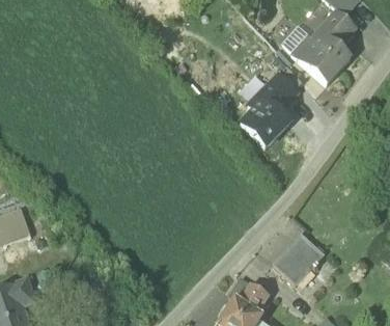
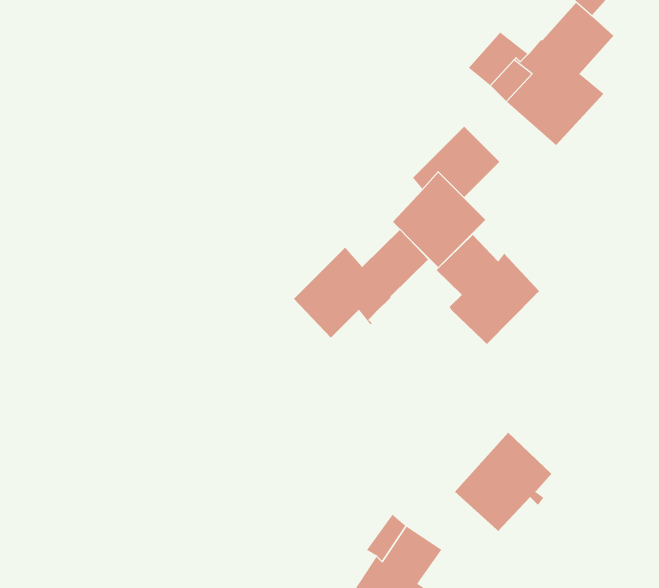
building: none -> [293,229,429,339]
building: none -> [436,234,540,345]

